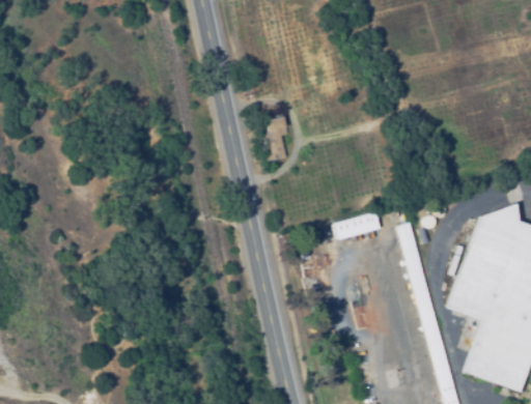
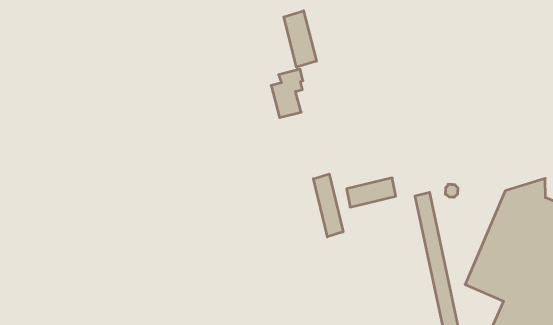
building: none -> [284,11,316,67]
building: none -> [313,174,343,237]

